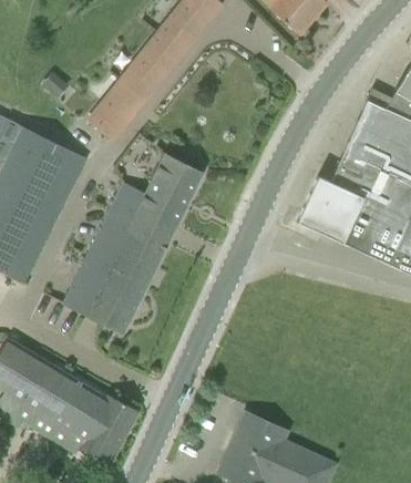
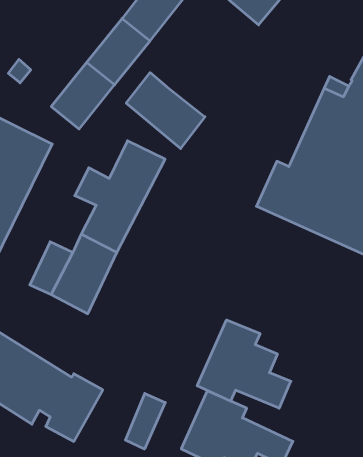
building: none -> [126,73,205,149]
building: [84,210,132,269] -> none
building: none -> [197,320,291,408]
building: none -> [125,393,165,449]

